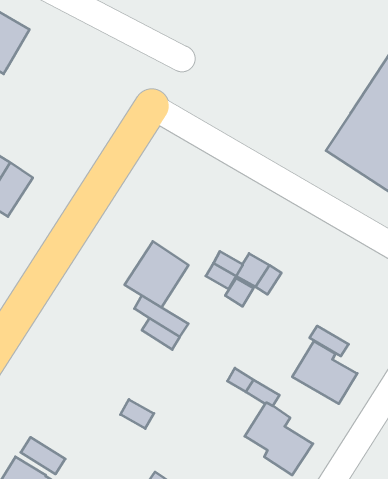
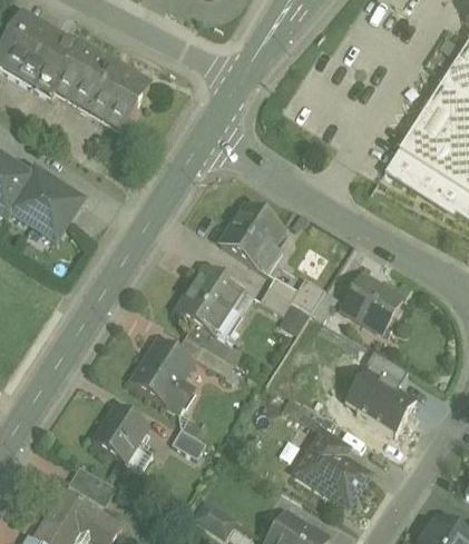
building: none -> [55,41,148,127]
building: none -> [221,202,282,265]
building: none -> [341,271,402,330]
building: none -> [130,337,193,411]
building: none -> [92,403,148,459]

